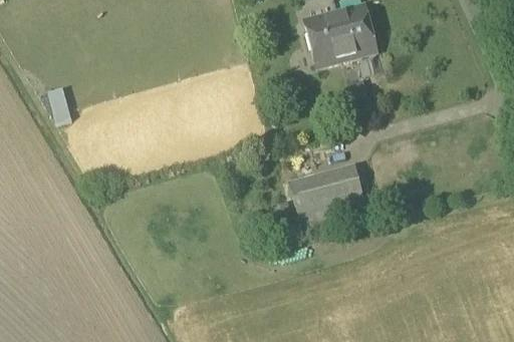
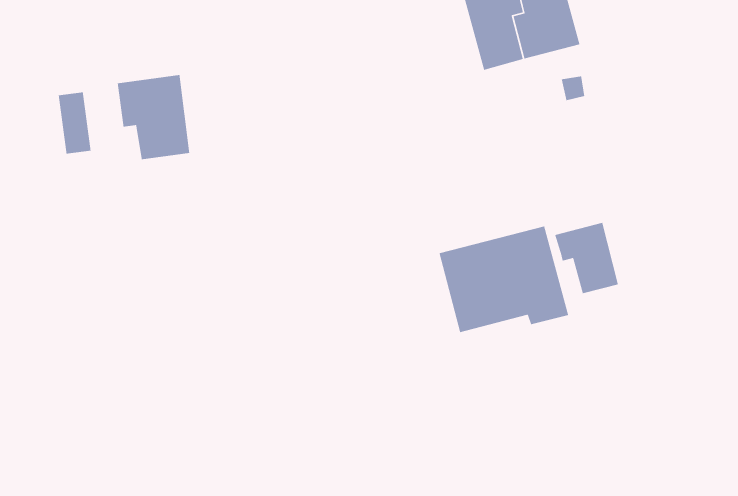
building: none -> [117,74,190,160]
building: none -> [554,222,619,294]

